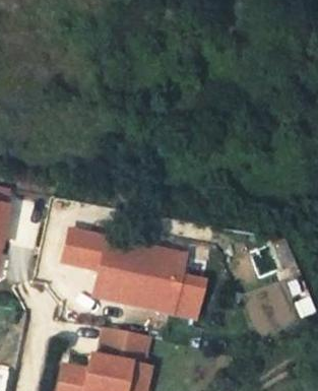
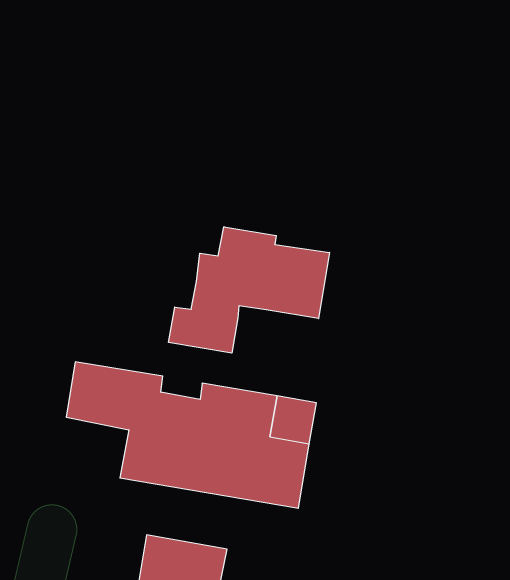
building: none -> [169,227,329,353]

